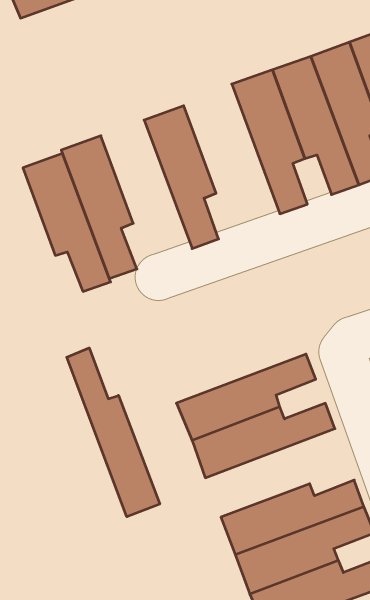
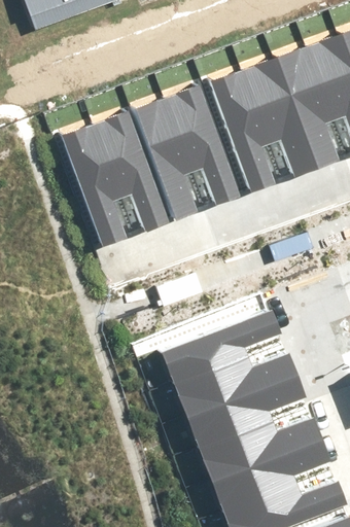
building: none -> [167,85,241,204]
building: [23,153,111,291] -> [96,111,171,230]
building: [67,348,160,517] -> none
building: none -> [185,375,306,451]

